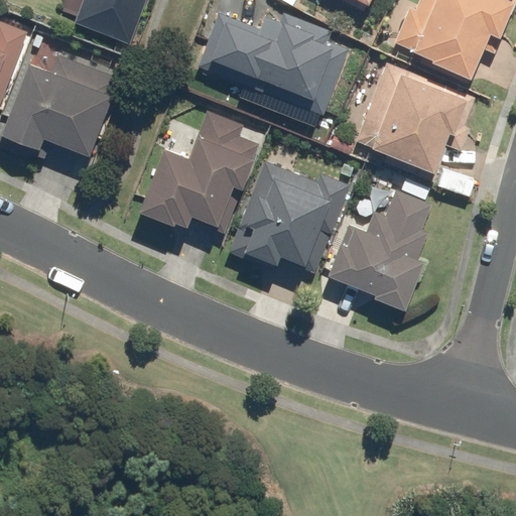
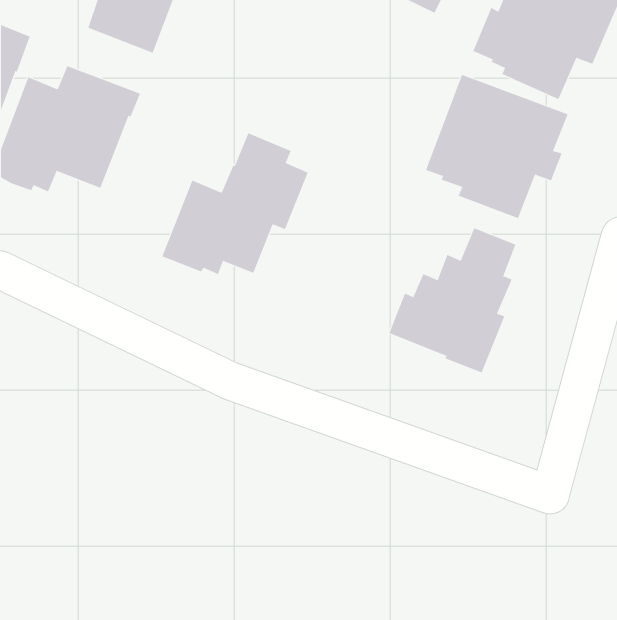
building: [199,12,350,115] -> none
building: [229,161,350,272] -> none

